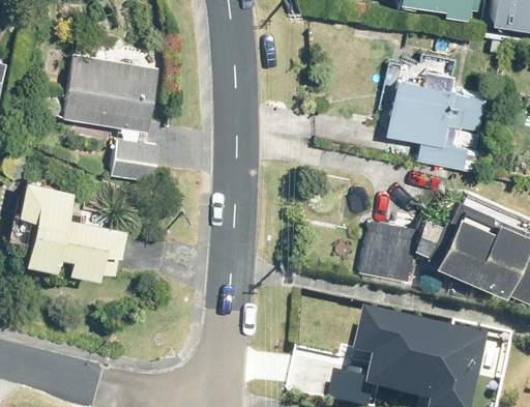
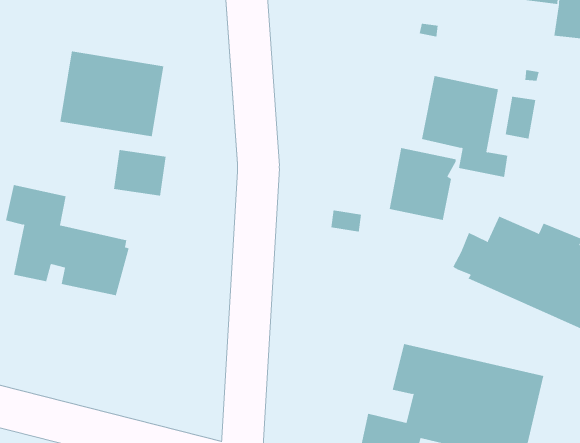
building: [358,220,418,285] -> [389,148,456,221]

